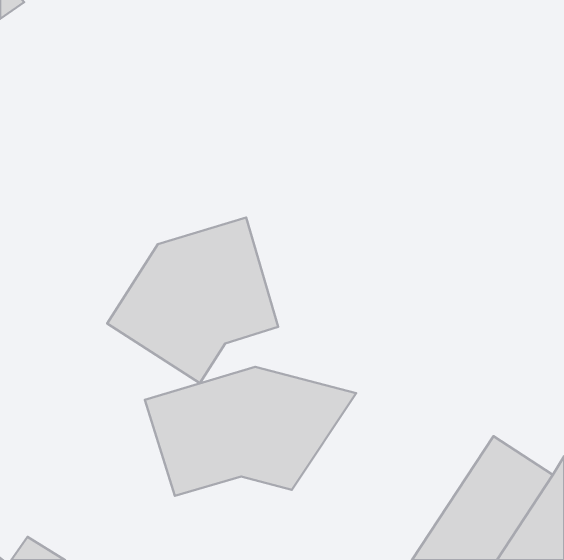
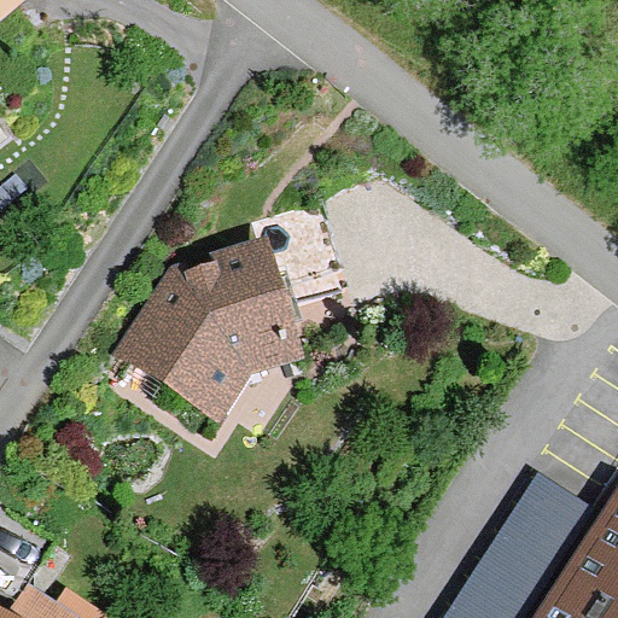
building: [145,367,356,496] -> none

